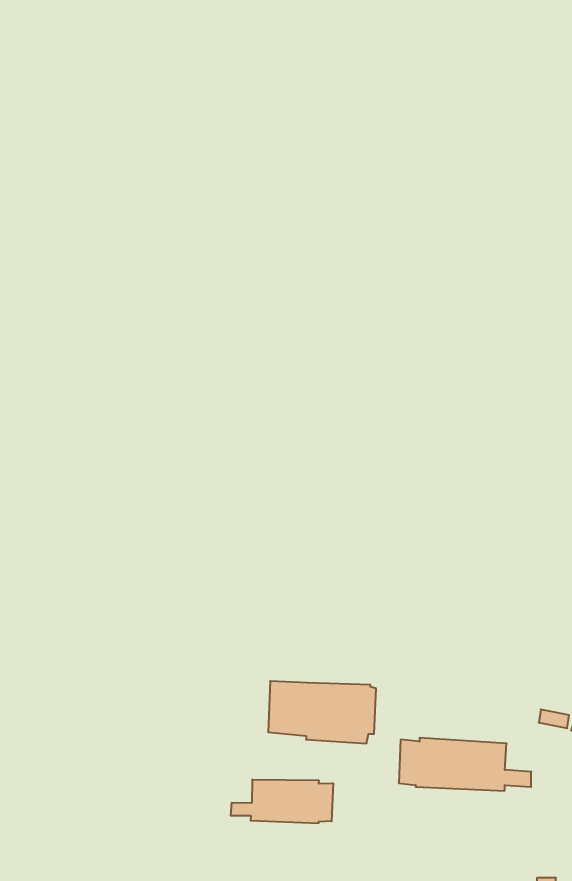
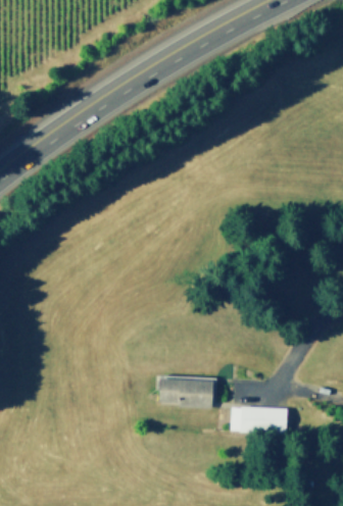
building: [231,779,333,823] -> none

